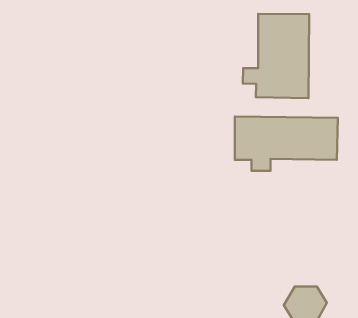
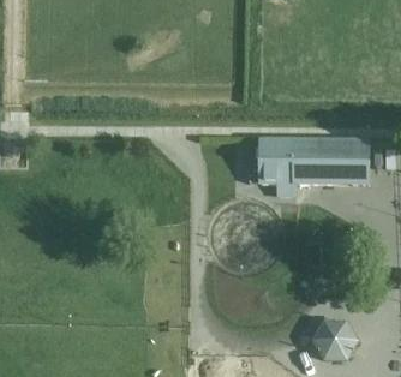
building: [243,14,309,98] -> none

